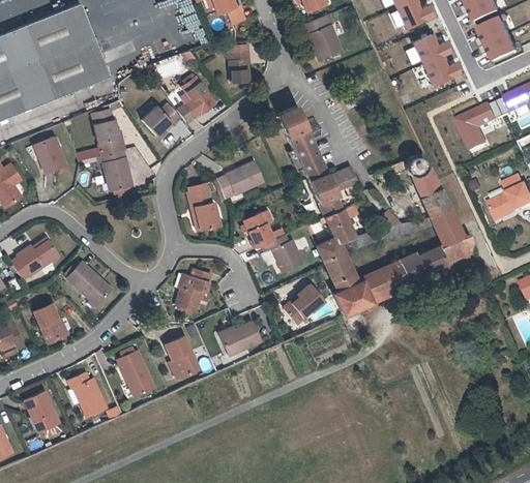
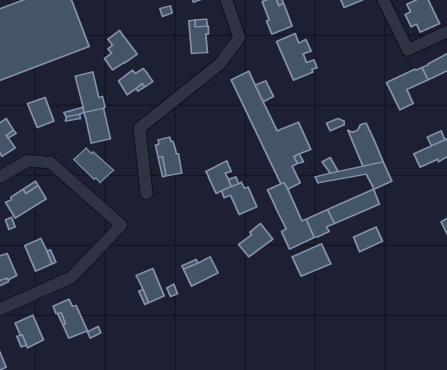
building: [414,35,462,90] -> [277,33,317,80]
building: [177,78,215,124] -> [104,30,137,70]
building: [218,161,264,197] -> none
building: [441,233,475,262] -> [353,227,382,252]
building: [67,262,114,302] -> [74,148,113,183]
building: [175,269,210,311] -> none
building: none -> [292,244,331,276]
building: [118,353,152,396] -> none

